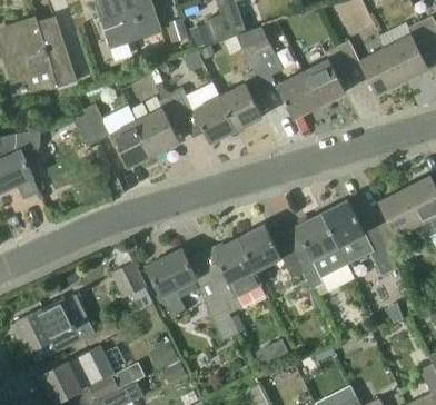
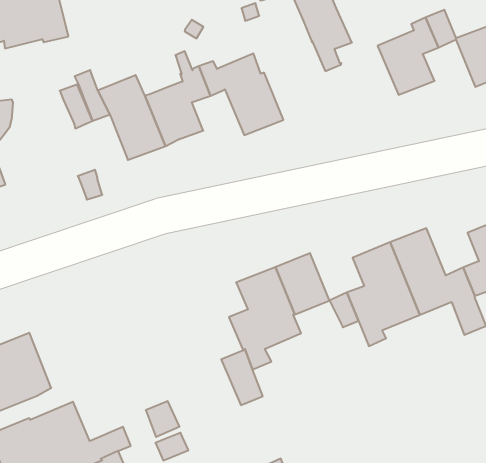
building: [221,70,266,129] -> none
building: [277,70,320,118] -> none
building: [147,248,197,318] -> none
building: [113,264,152,309] -> none

